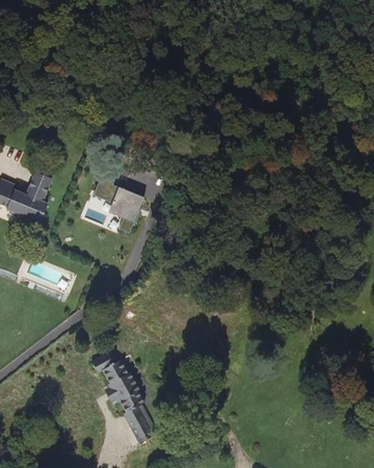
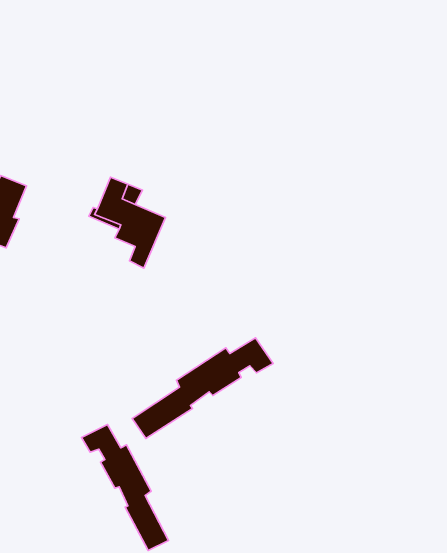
building: none -> [132,338,273,438]

